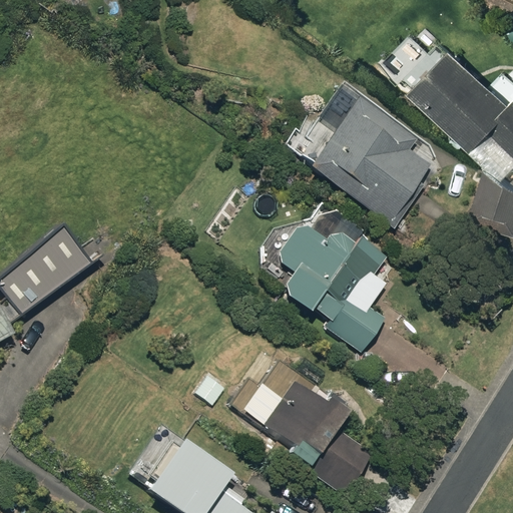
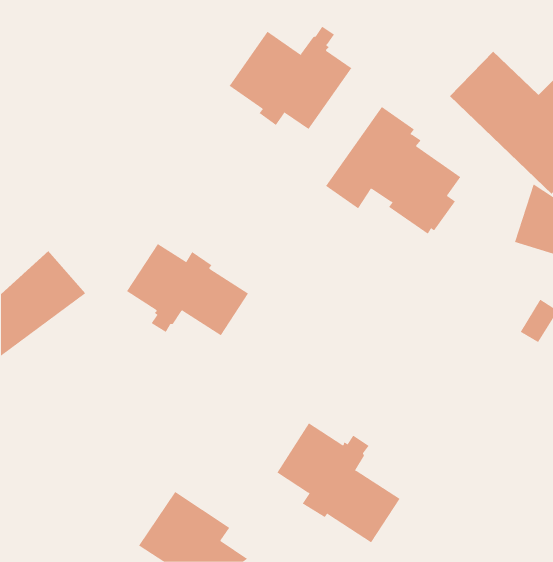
building: none -> [229,26,352,130]
building: [274,213,389,352] -> none
building: none -> [126,243,249,336]

